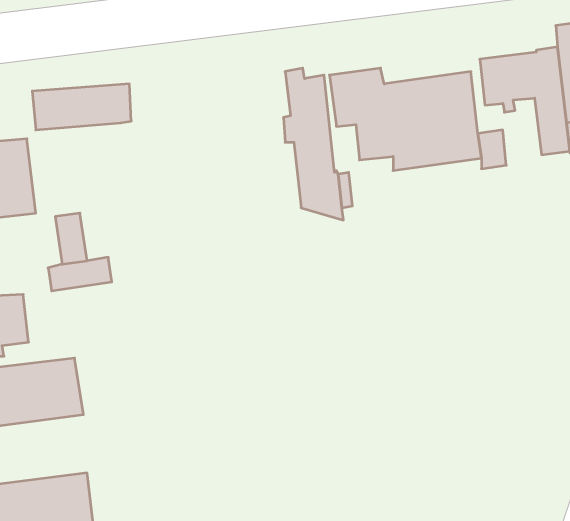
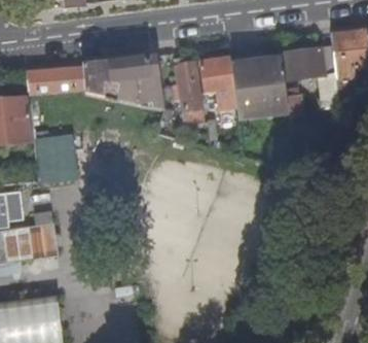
building: none -> [82,55,162,110]

